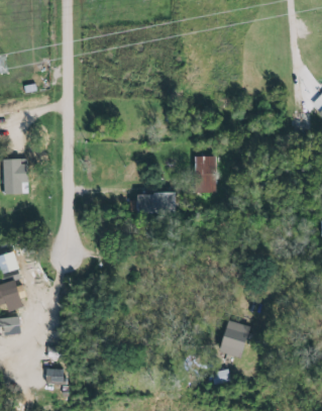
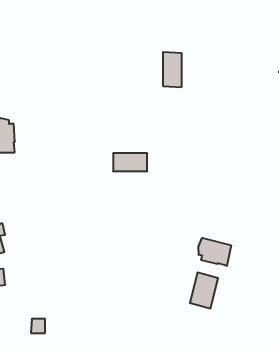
building: [195,156,215,193] -> [163,52,182,87]
building: none -> [199,238,231,266]

